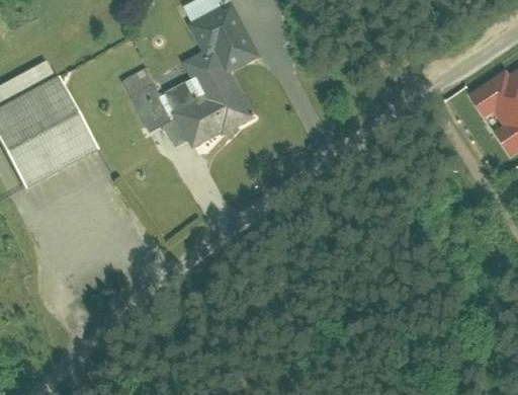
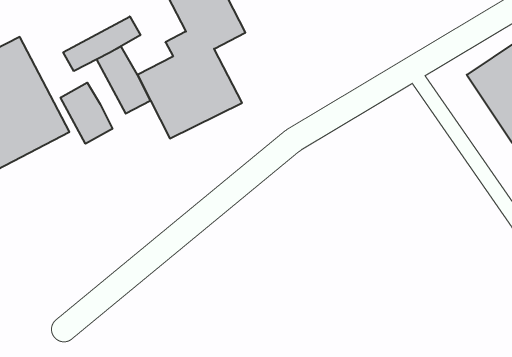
building: none -> [63,16,140,71]
building: none -> [61,83,112,144]

